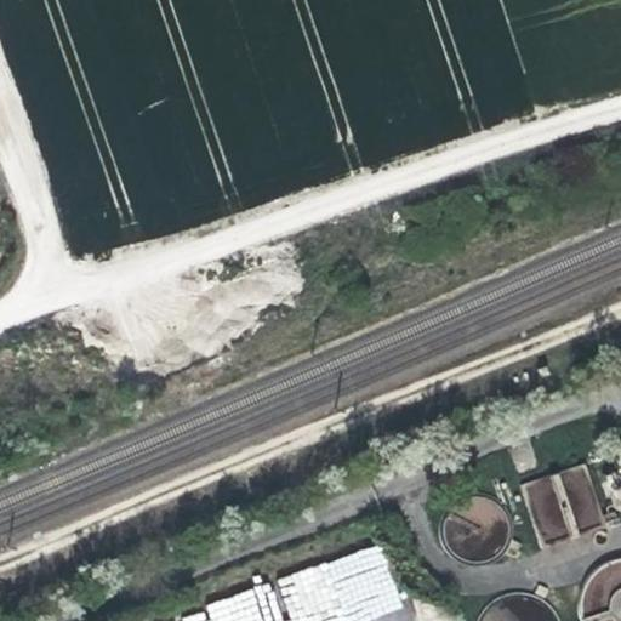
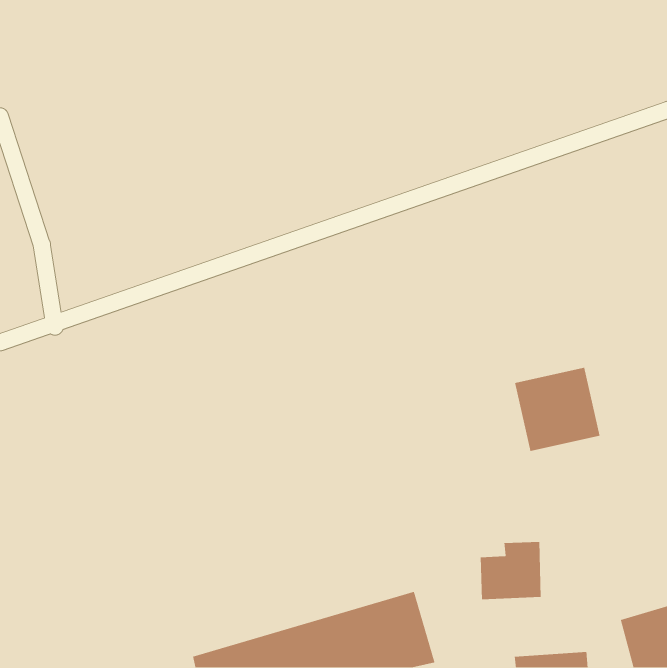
building: [524,465,604,543] -> [514,367,601,452]

